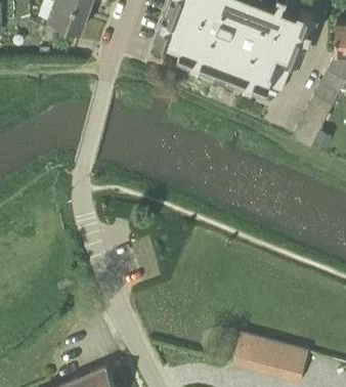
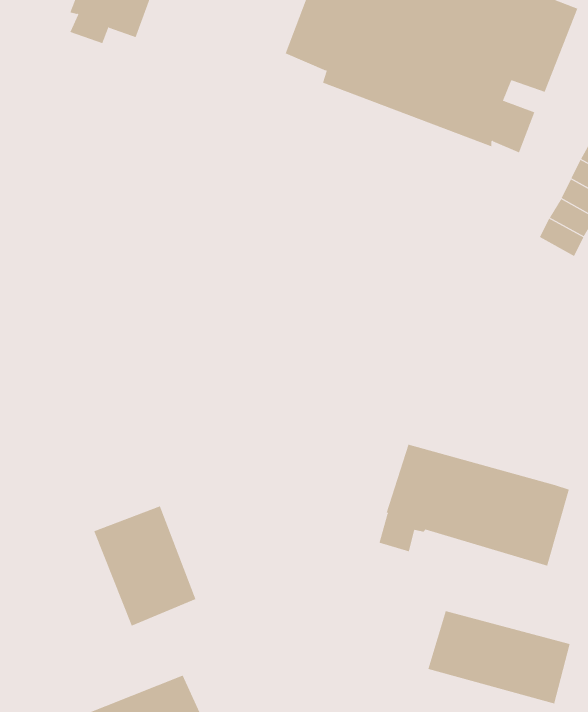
building: none -> [379,444,570,566]
building: none -> [94,505,196,626]

